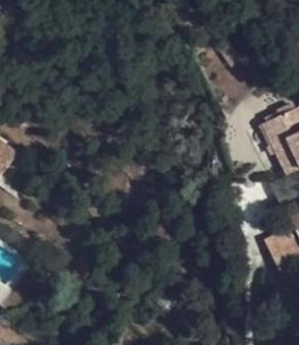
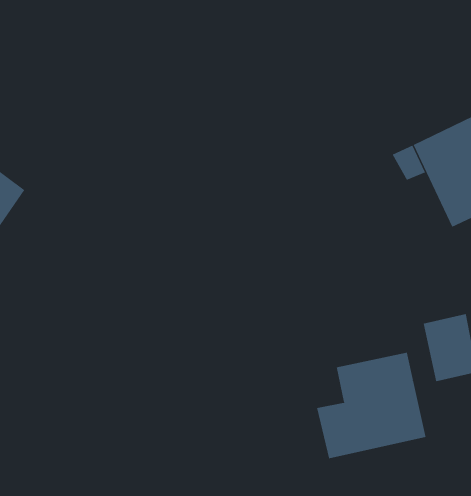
building: none -> [317,352,426,459]

